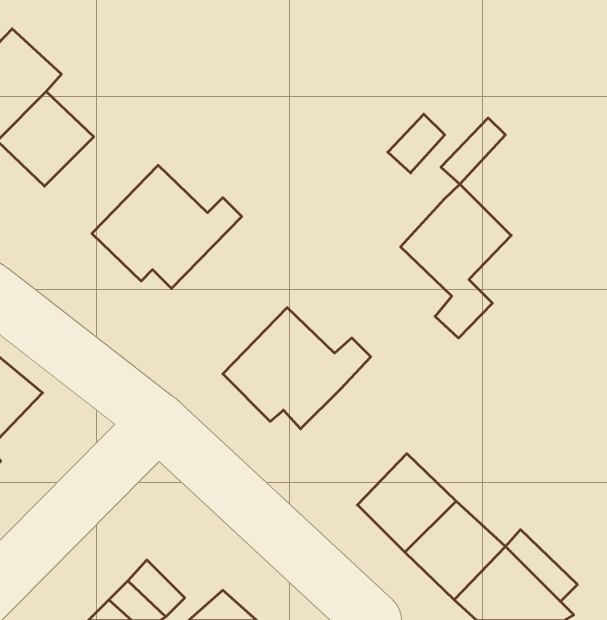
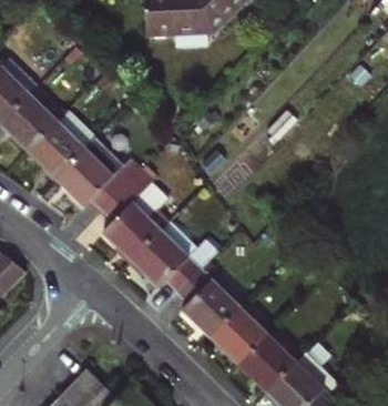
building: none -> [28,110,94,177]
building: [401,184,511,338] -> none
building: none -> [102,168,170,260]
building: none -> [177,268,239,336]

